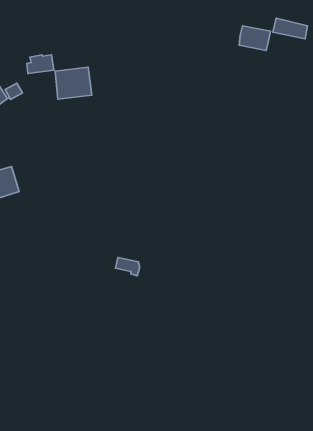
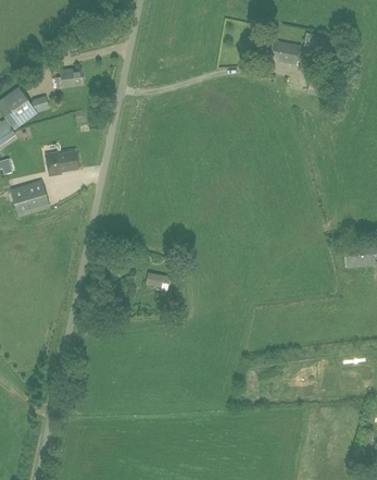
building: [55,67,92,99] -> none
building: none -> [46,151,78,174]

